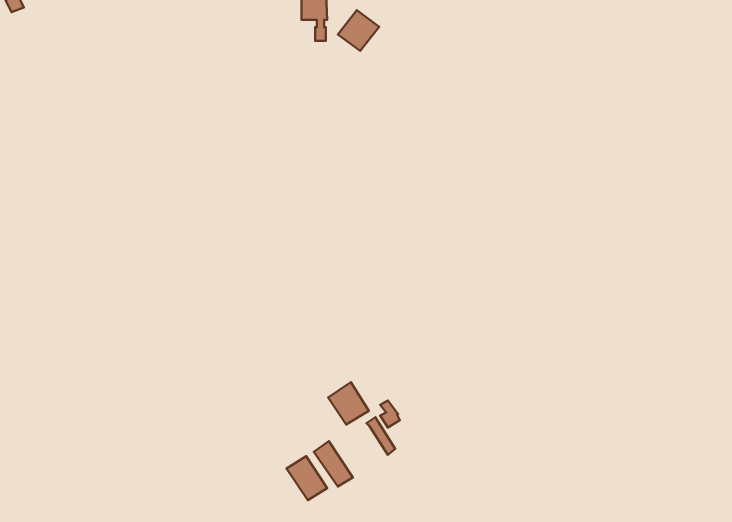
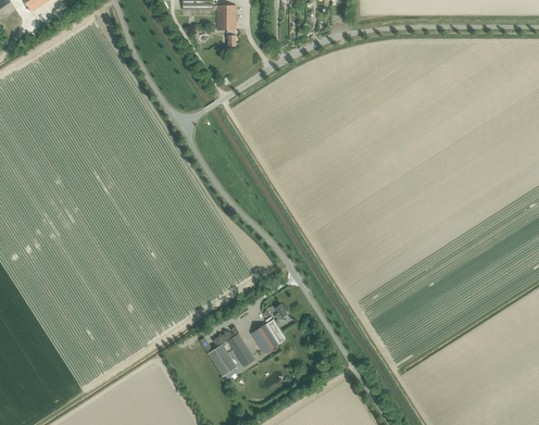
building: [338,10,379,51] -> none
building: [328,382,369,425] -> [250,322,279,352]

